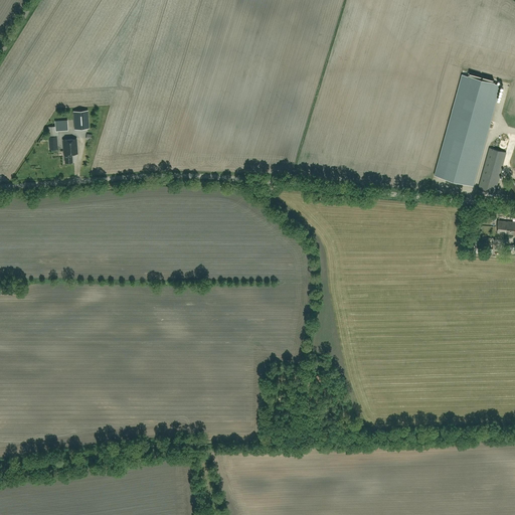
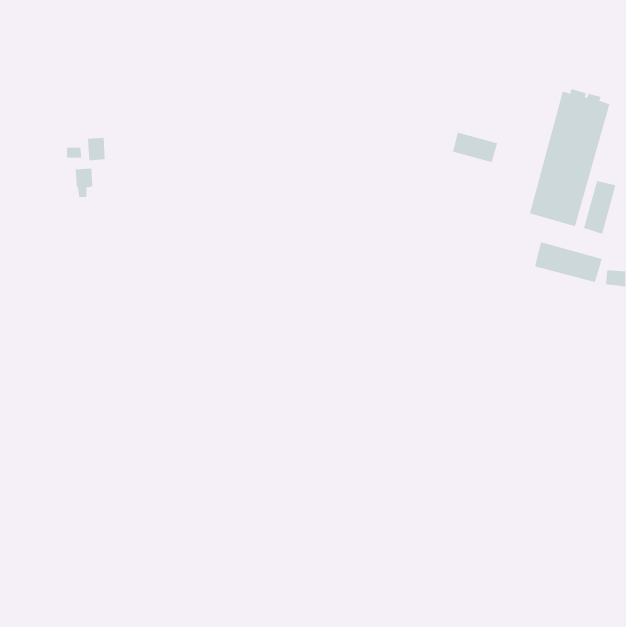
building: none -> [453,132,498,163]
building: none -> [535,241,602,283]

